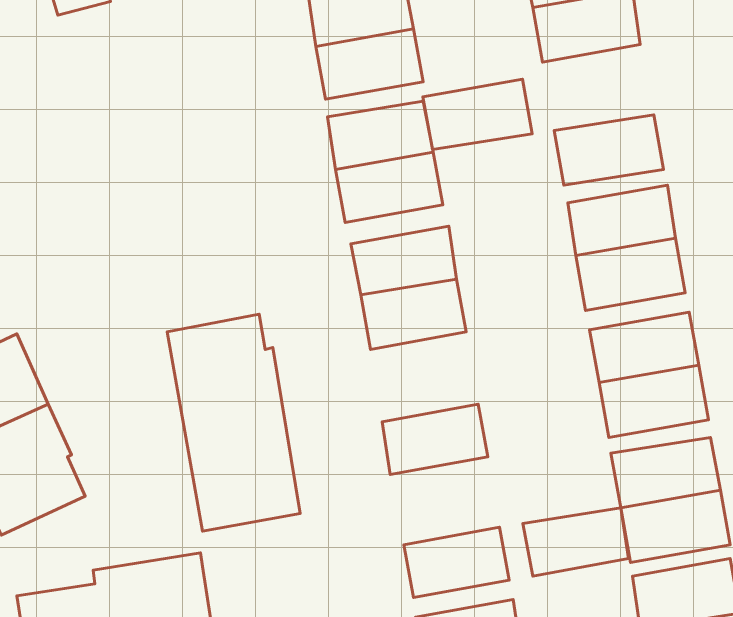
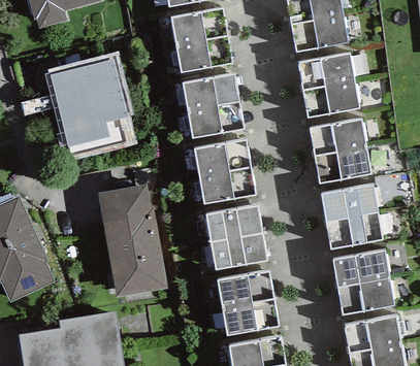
building: none -> [50,58,133,155]
building: [423,79,532,149] -> [296,51,354,88]
building: none -> [205,205,261,241]
building: [523,508,628,576] -> [217,270,272,306]

